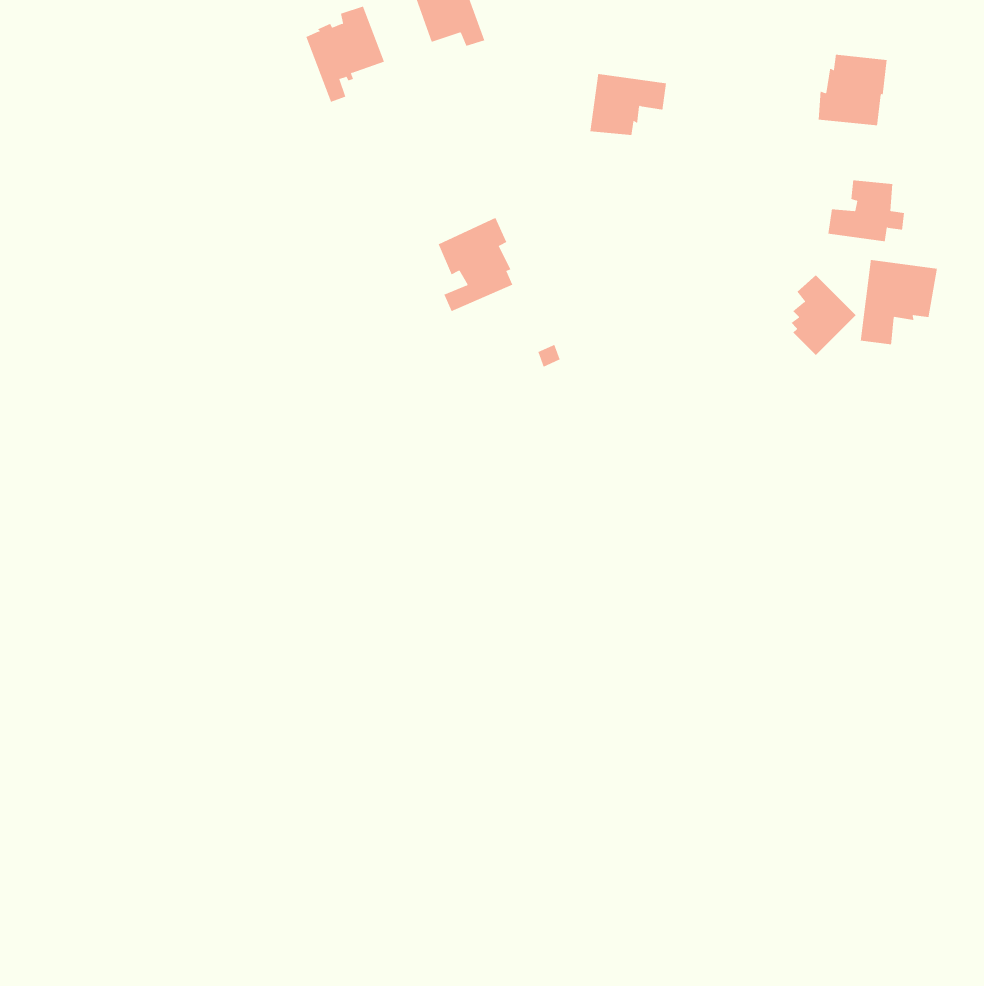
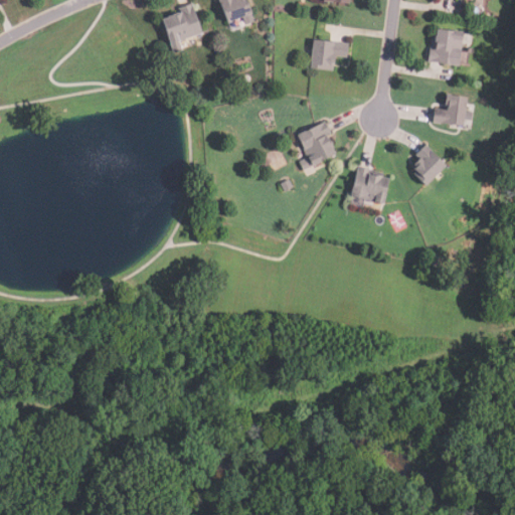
building: [438,217,513,312] -> [296,120,335,169]
building: [860,259,938,345] -> none
building: none -> [350,164,390,204]

